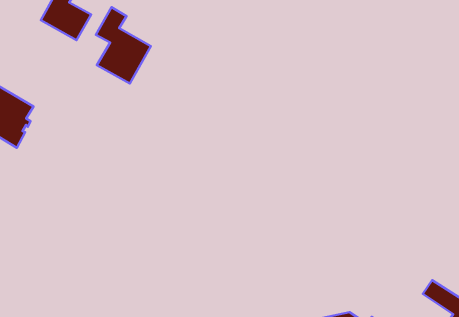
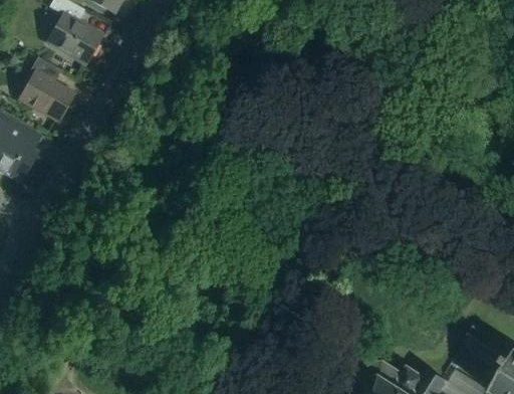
building: [96,7,151,84] -> none
building: none -> [23,58,72,119]

